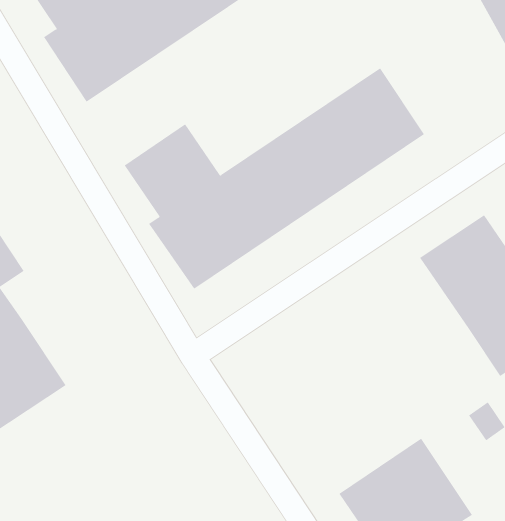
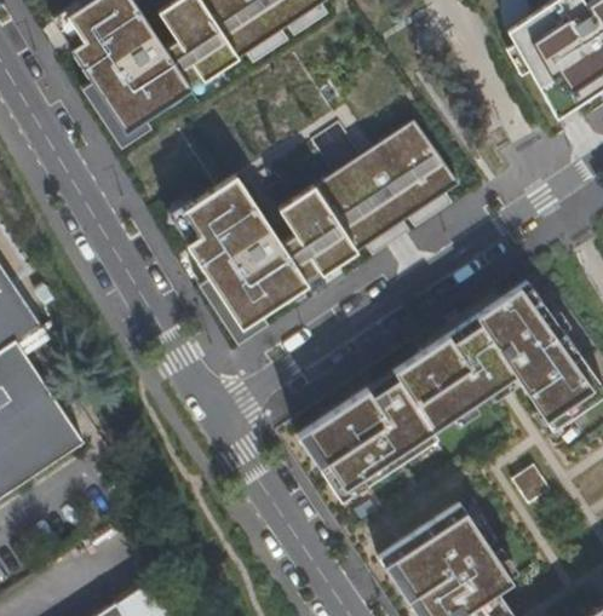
building: none -> [280,313,501,507]

